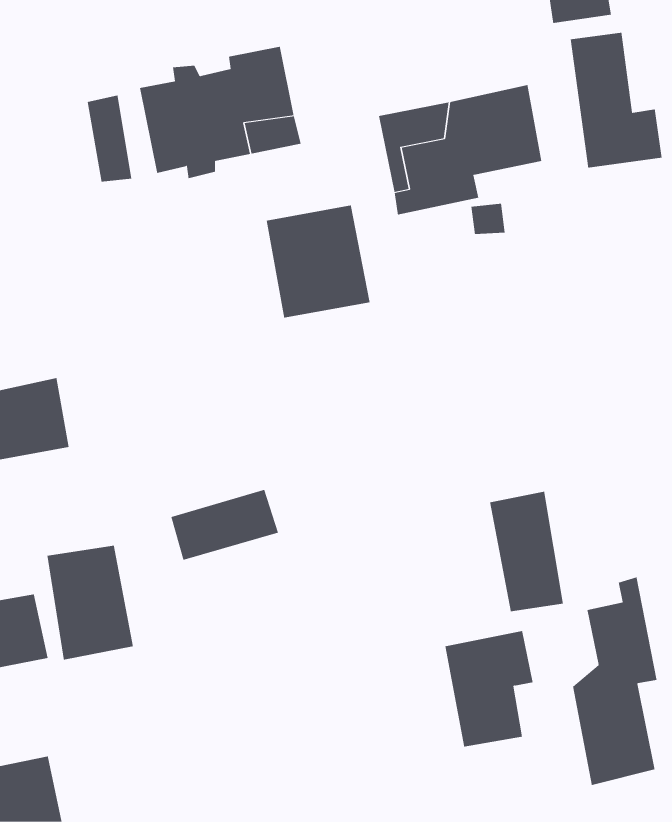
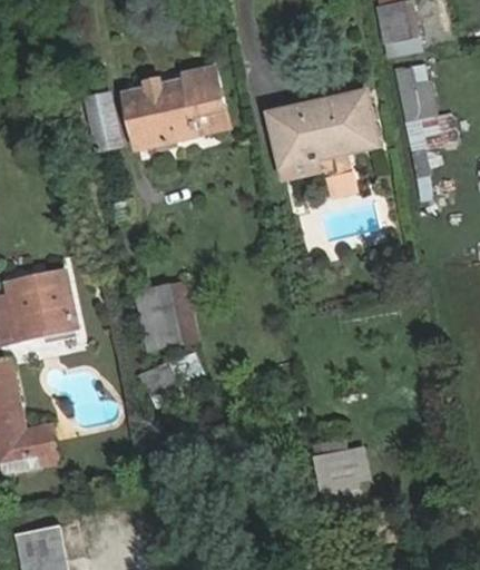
building: [266,205,371,318] -> [134,278,200,351]
building: [490,491,563,612] -> none
building: [47,545,133,661] -> none
building: [573,577,657,786] -> none

